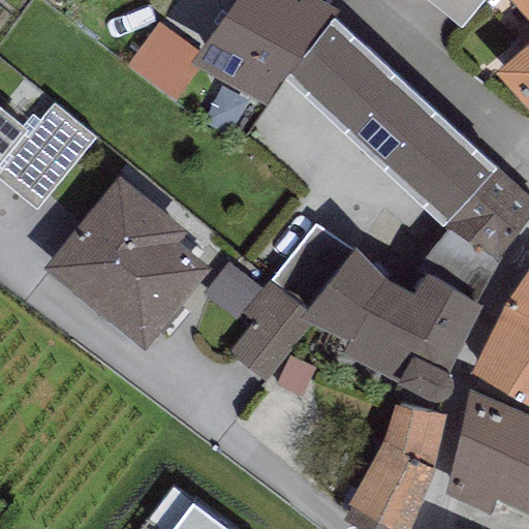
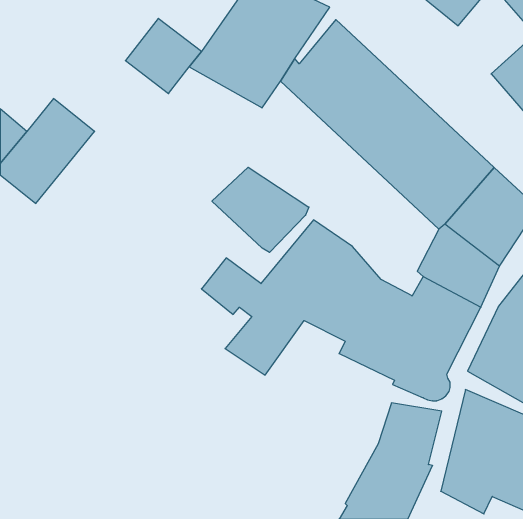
building: none -> [212,167,309,252]
building: [45,176,212,350] -> none

